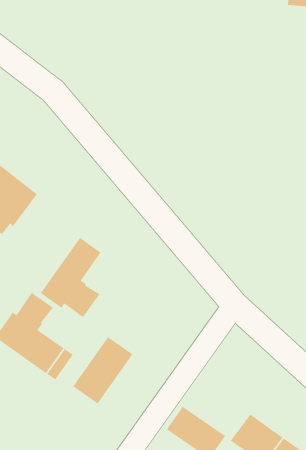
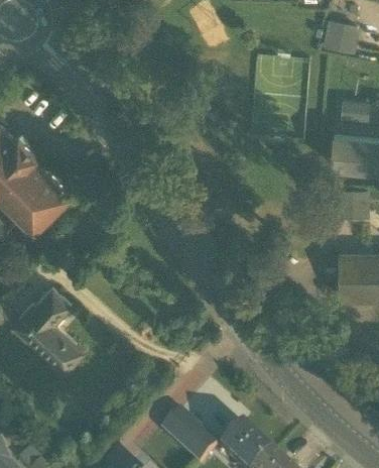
building: [40,237,102,318] -> none
building: [72,336,134,405] -> none

